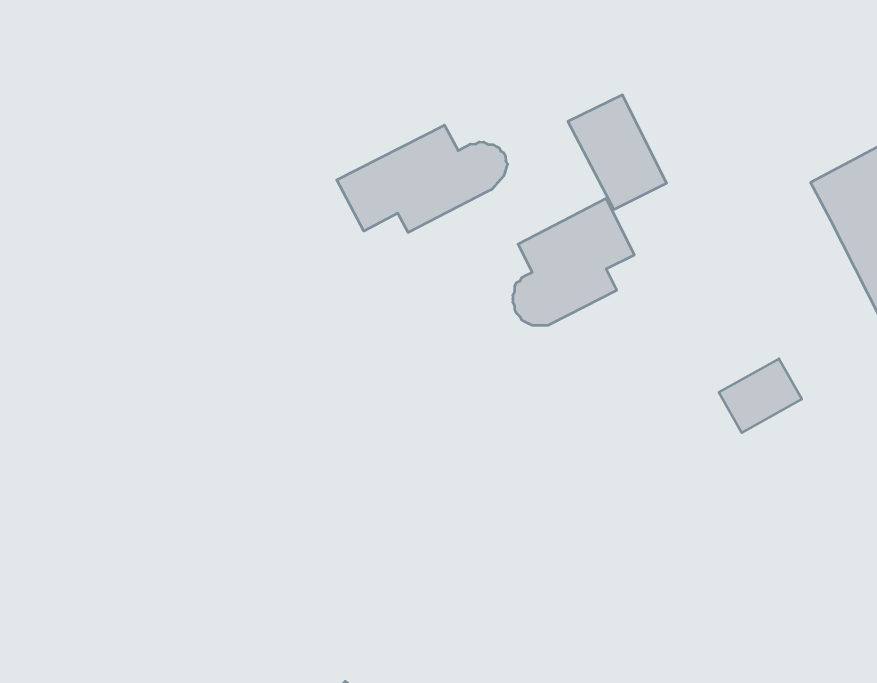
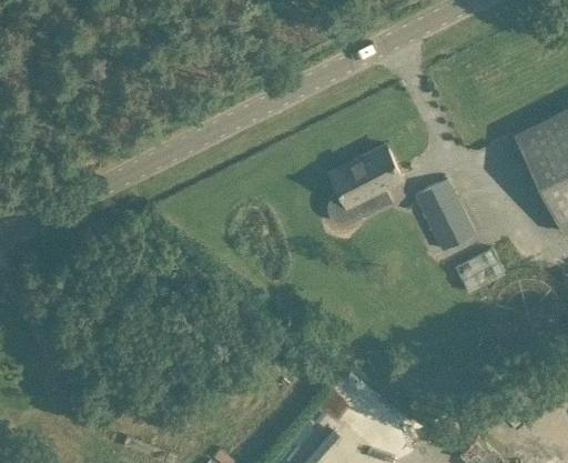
building: [568,95,667,209] -> [414,180,476,252]
building: [337,125,508,232] -> none

